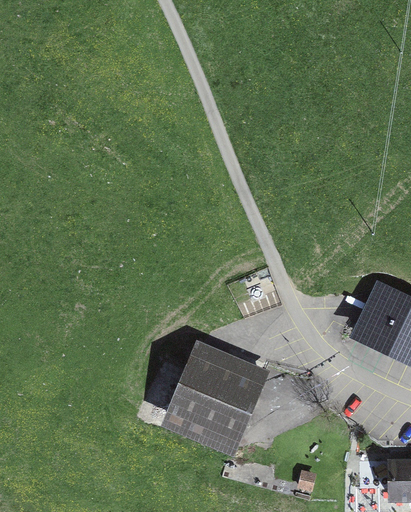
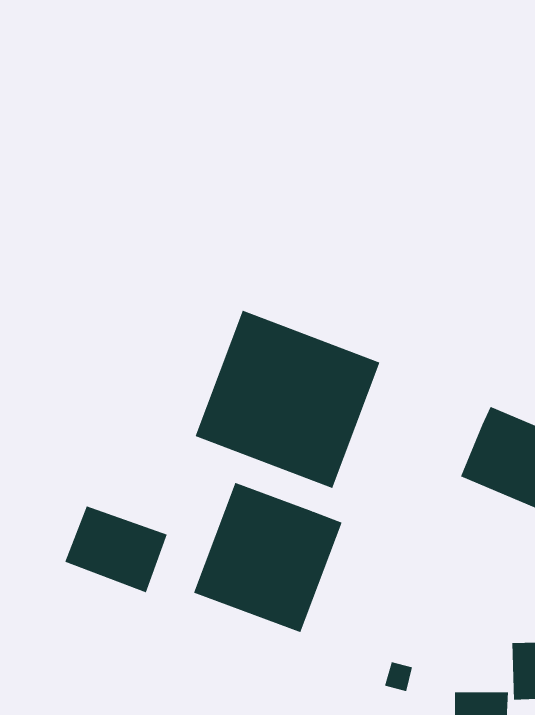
building: none -> [195,310,380,489]
building: none -> [65,505,167,593]

